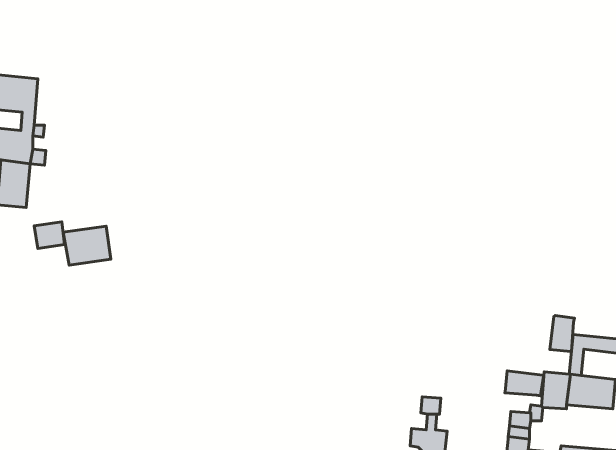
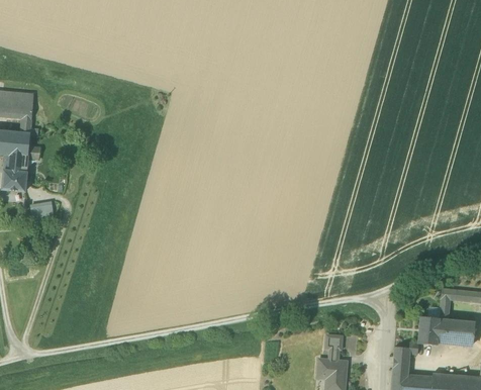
building: [63,226,111,265] -> none
building: [550,315,574,352] -> none
building: [505,371,544,396] -> none

